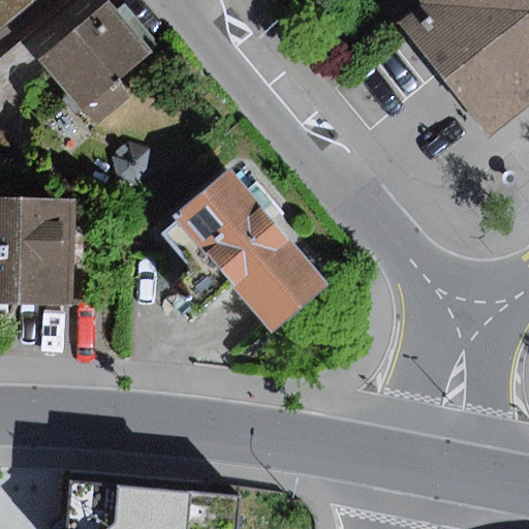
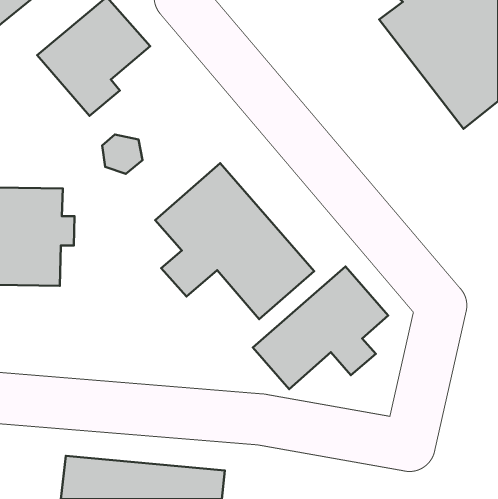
building: none -> [253,266,388,389]

